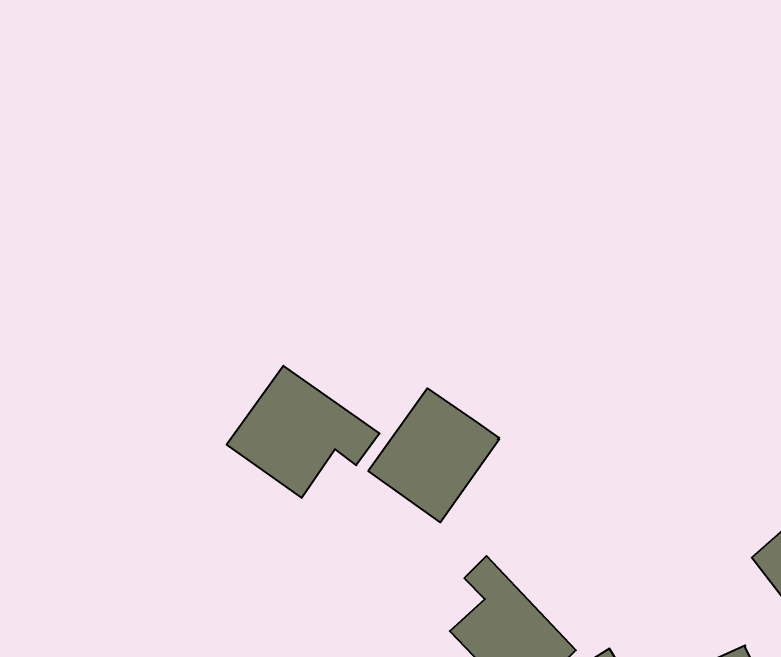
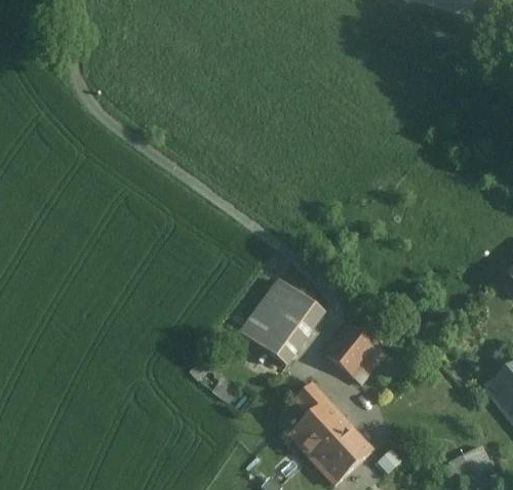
building: [227,366,380,498] -> none
building: none -> [326,322,379,374]

